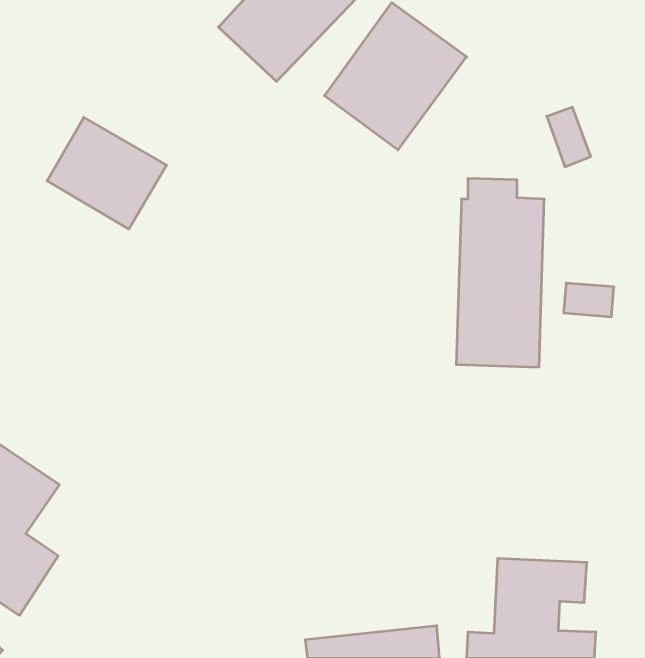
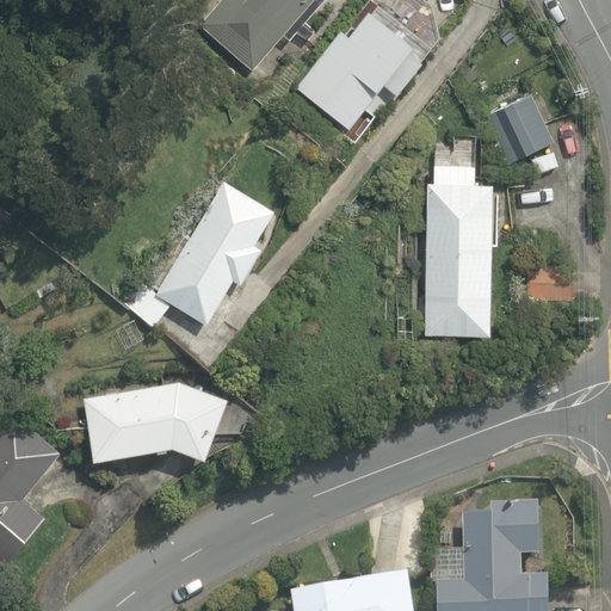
building: [47,117,167,229] -> none
building: none -> [147,179,273,325]
building: none -> [73,379,230,463]

